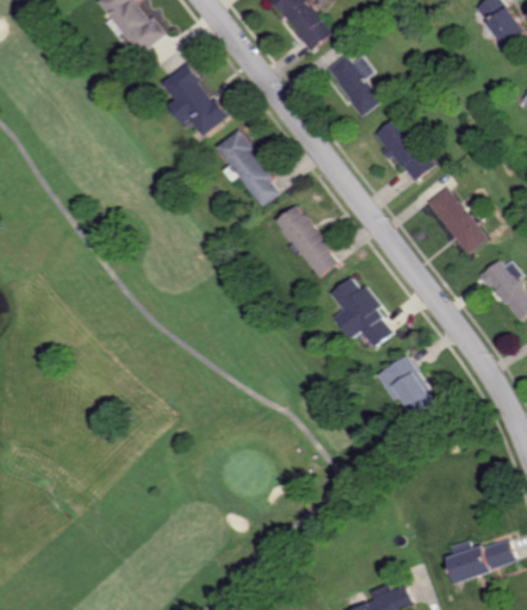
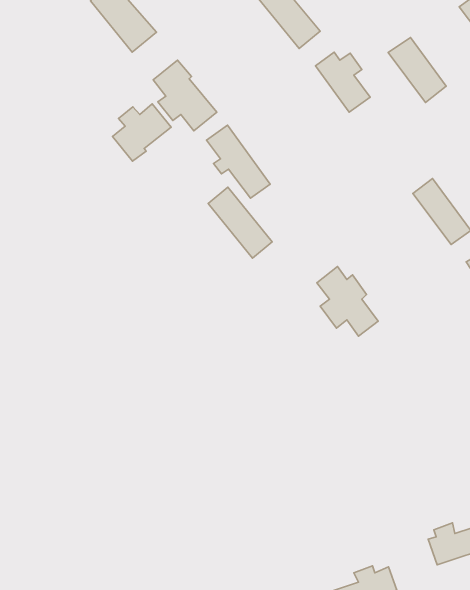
building: none -> [113,104,171,161]
building: [374,117,434,183] -> [388,37,446,102]
building: [274,205,340,278] -> [208,187,272,258]
building: [382,355,433,412] -> none

